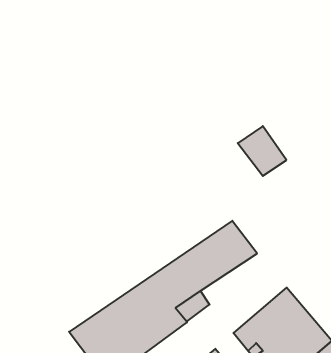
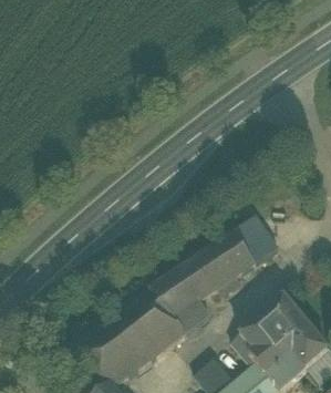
building: [238,126,286,176] -> [231,217,279,266]

